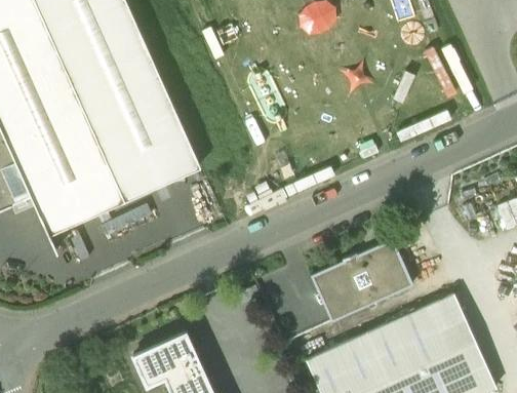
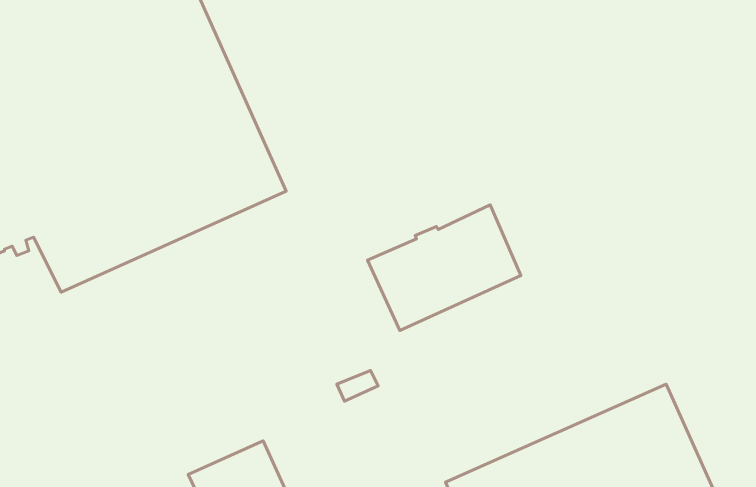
building: [310,239,412,323] -> [368,205,521,331]

